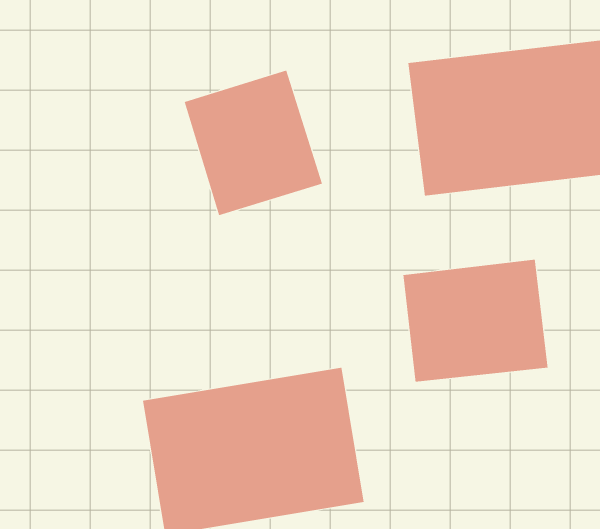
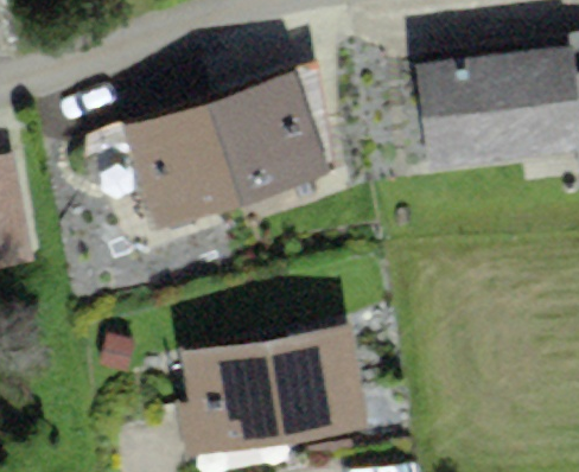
building: none -> [123,97,242,222]
building: [403,259,548,383] -> none

